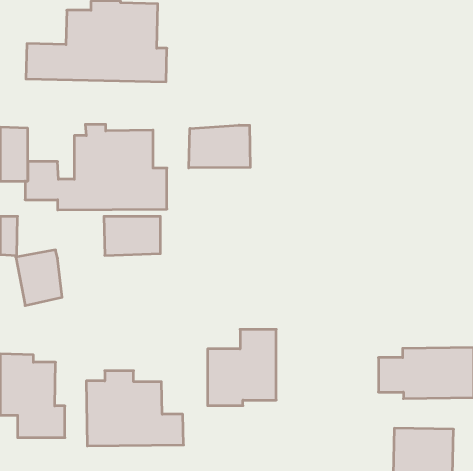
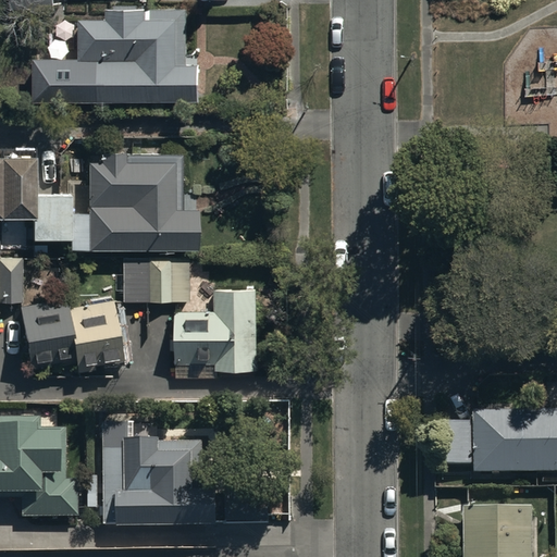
building: [189,125,250,168] -> none
building: none -> [69,299,123,368]
building: [208,329,276,406] -> [176,288,257,377]

